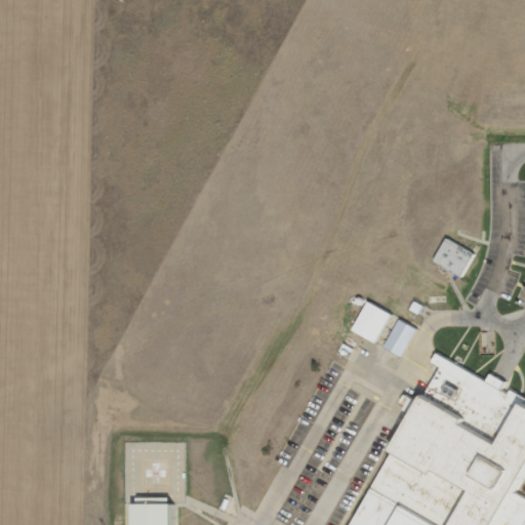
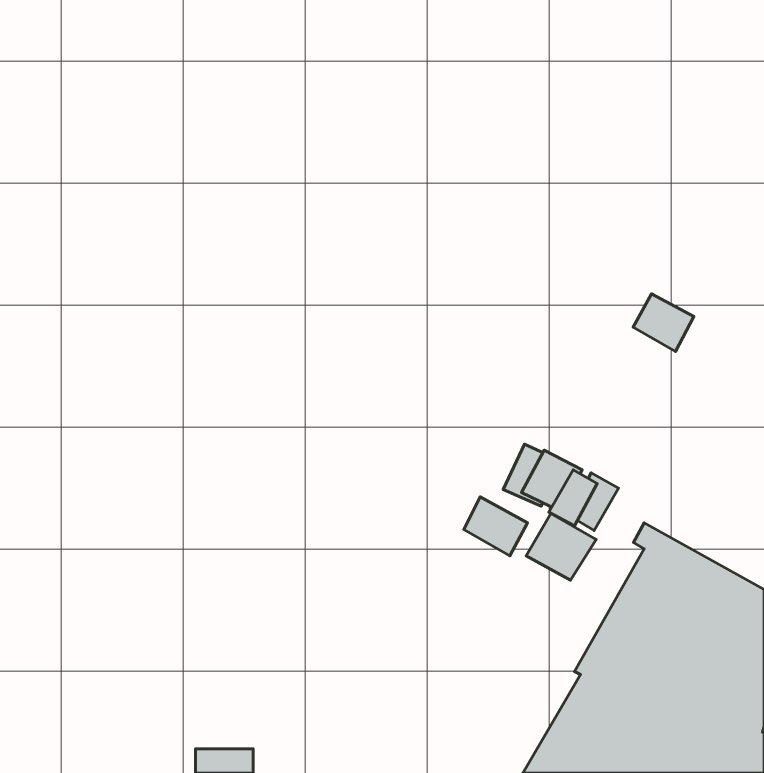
building: [434,241,475,280] -> [633,294,694,351]
building: none -> [464,497,527,556]
building: none -> [526,513,596,580]

